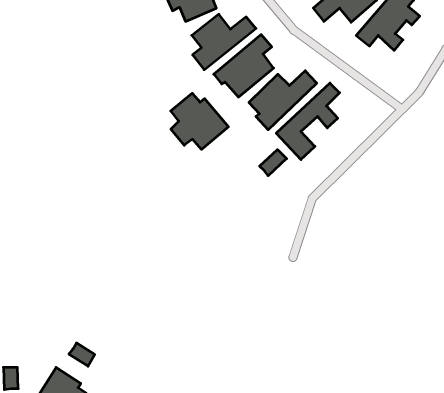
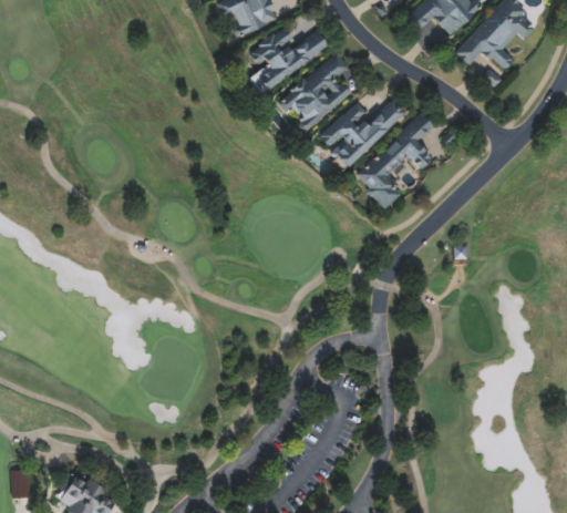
building: [171,93,228,149] -> none
building: [260,150,287,176] -> none
building: [69,343,95,366] -> none

